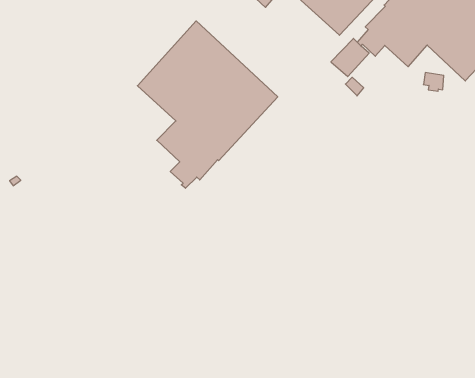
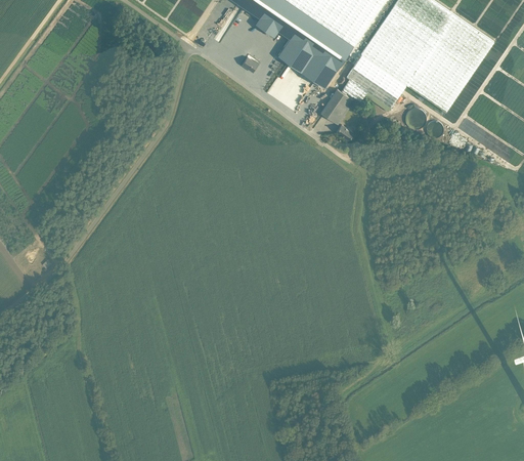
building: [137,21,278,188] -> none

